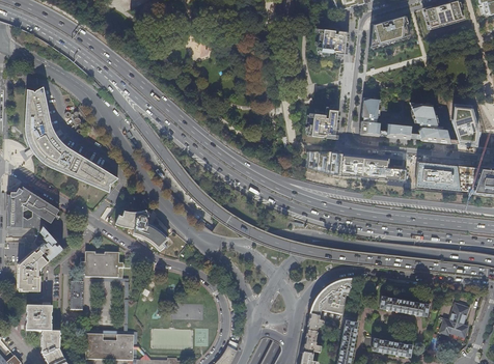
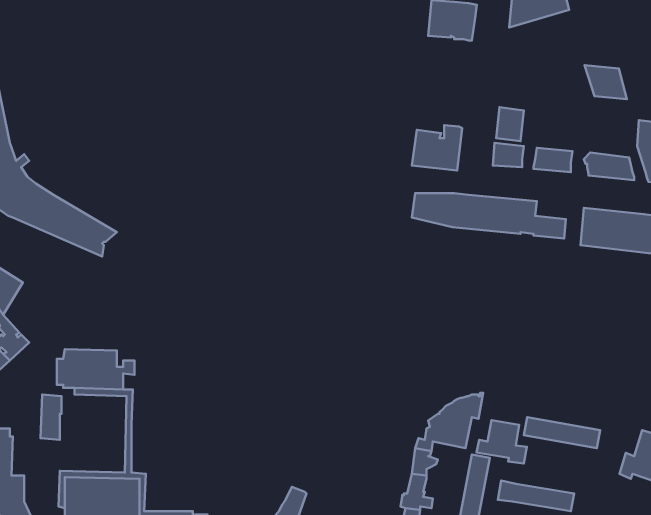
building: [409,102,436,123] -> [585,65,627,99]
building: [114,208,168,250] -> none
building: none -> [477,420,527,463]

